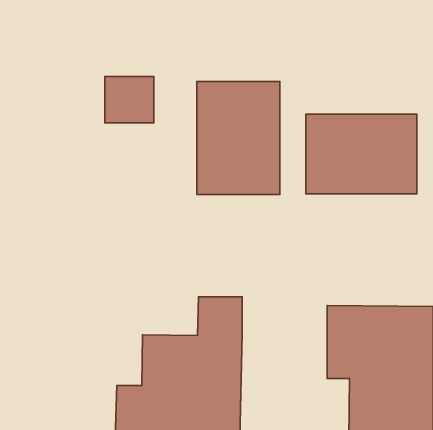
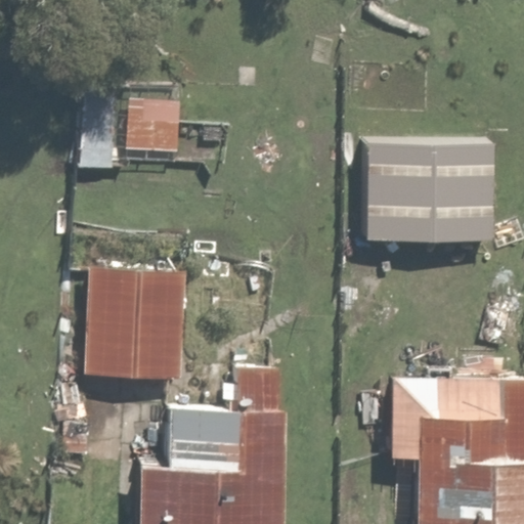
building: [197,81,280,195] -> none
building: none -> [82,265,191,382]

